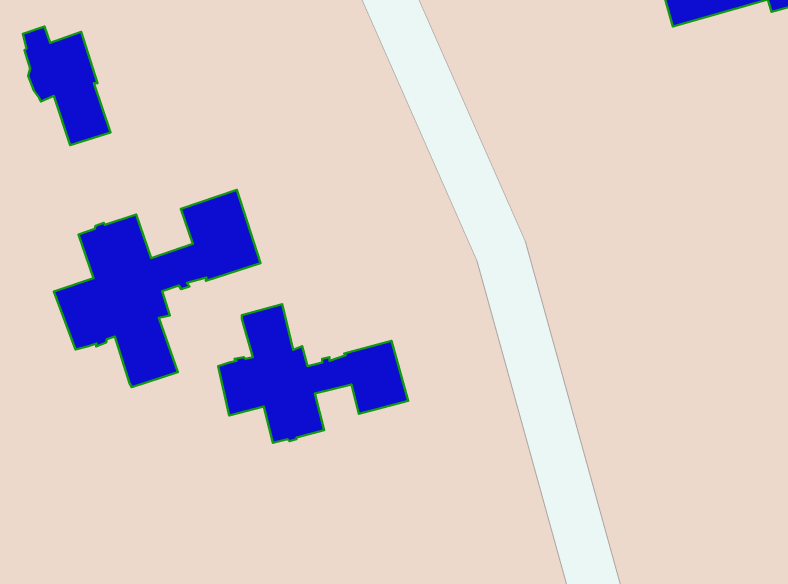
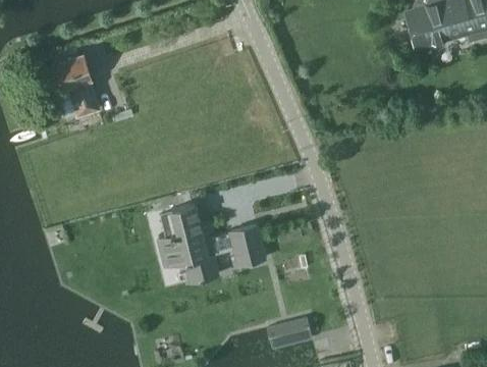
building: [54,190,260,387] -> none
building: none -> [267,318,312,350]

